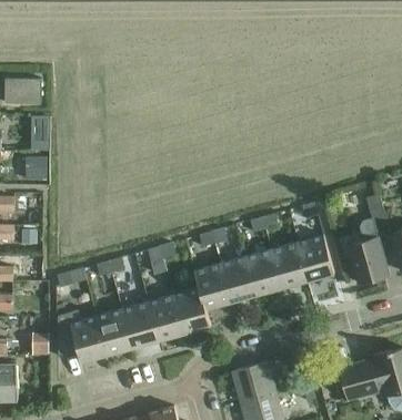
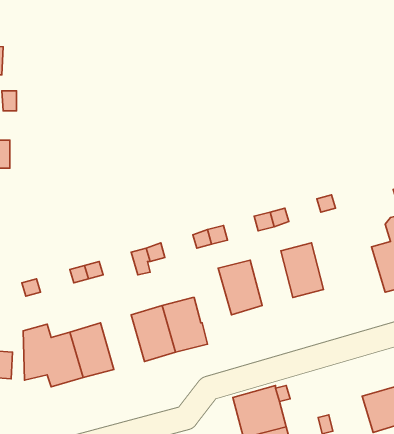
building: [298,235,334,281] -> none
building: [247,249,282,295] -> none
building: [194,264,231,309] -> none
building: [122,303,159,348] -> none

